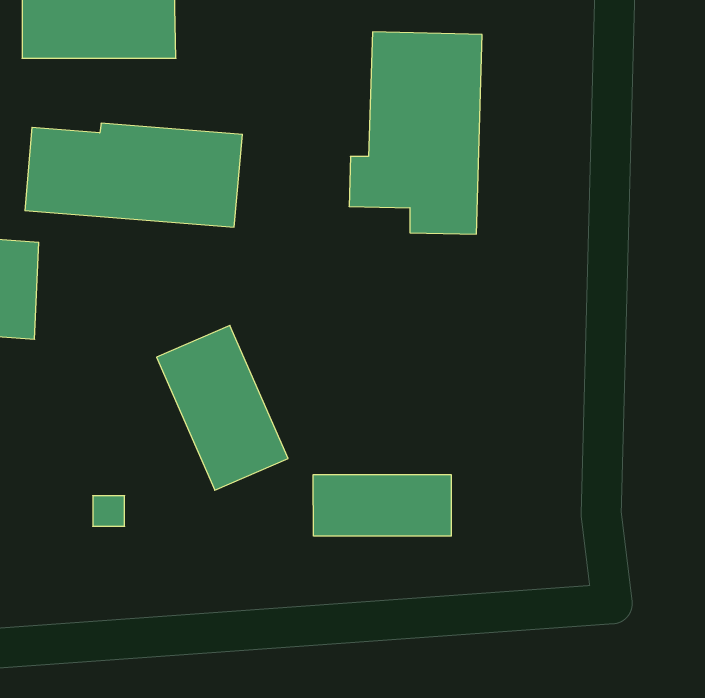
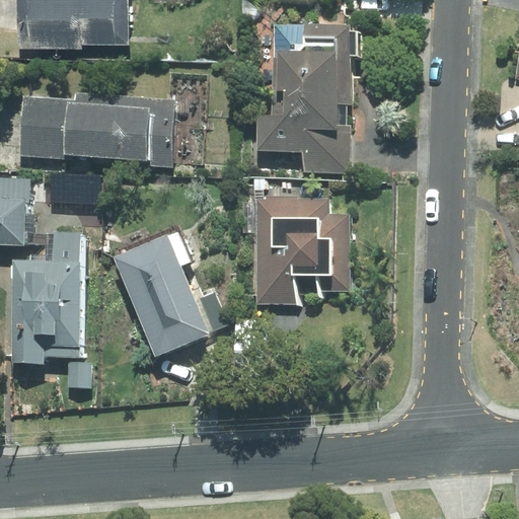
building: none -> [255,197,351,302]
building: none -> [11,232,81,364]
building: [313,475,451,536] -> none

